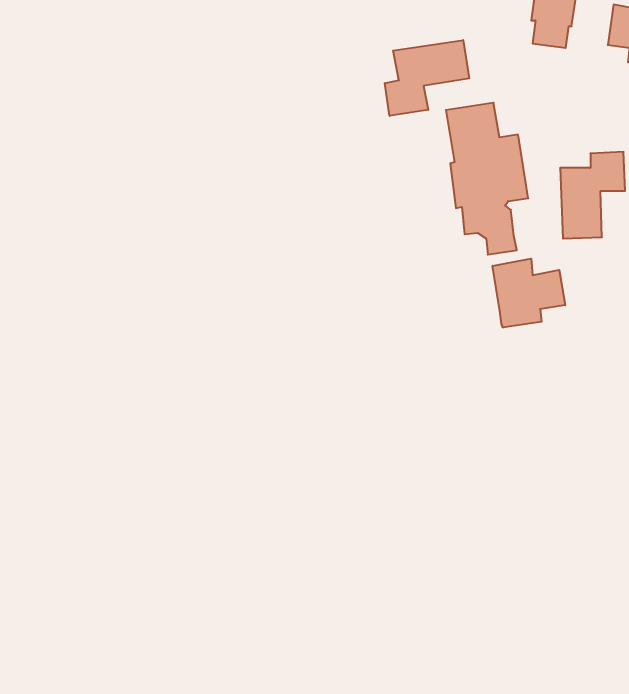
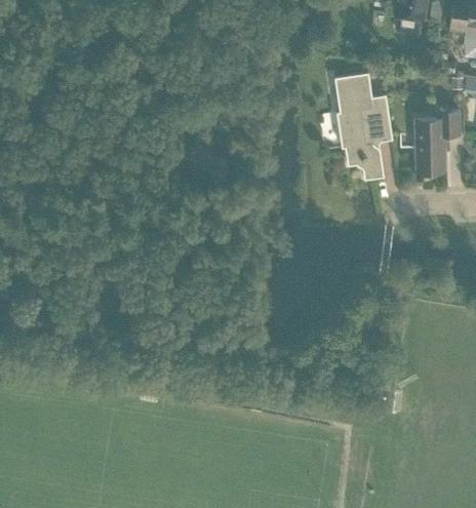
building: [385,40,469,116] -> none
building: [493,259,565,328] -> none

